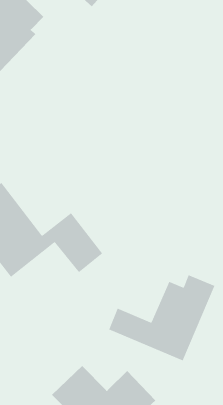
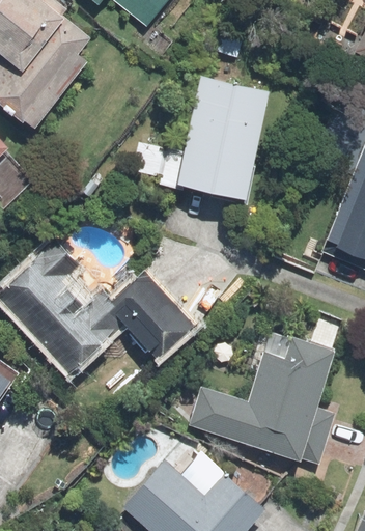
building: none -> [180,82,259,196]

